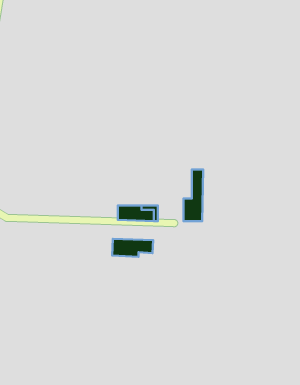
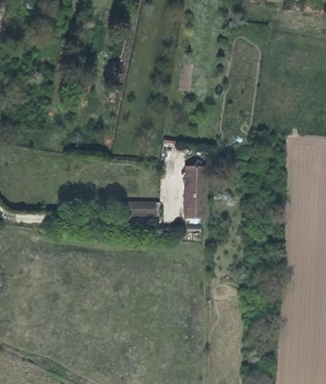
building: [112,239,153,257] -> none

